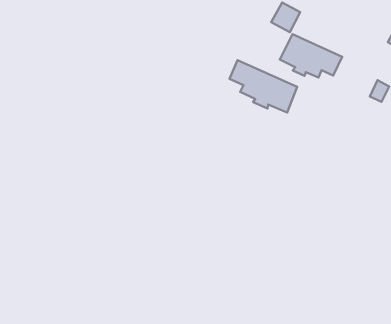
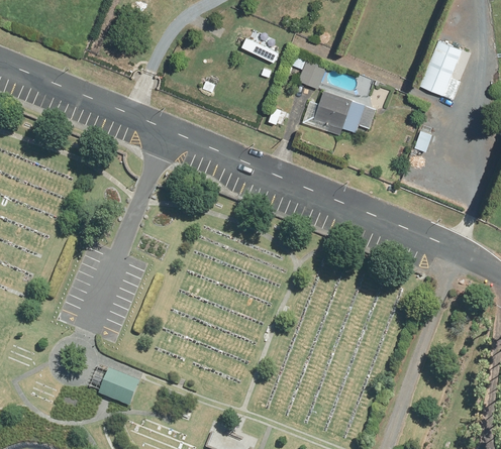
building: [230,60,297,112] -> none
building: none -> [94,366,136,406]

